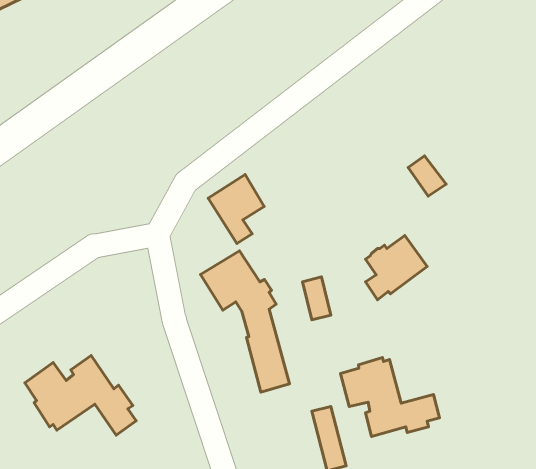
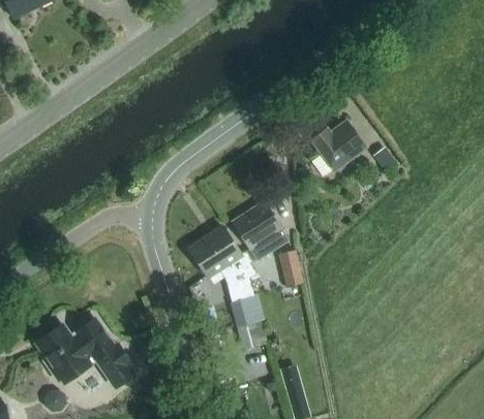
building: [208,175,264,243] -> [233,200,281,260]
building: [366,236,427,300] -> [312,120,366,175]
building: [340,357,440,436] -> none

